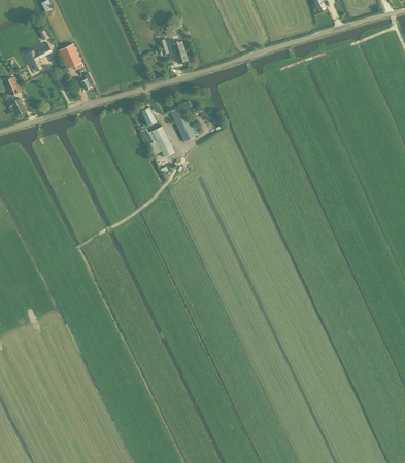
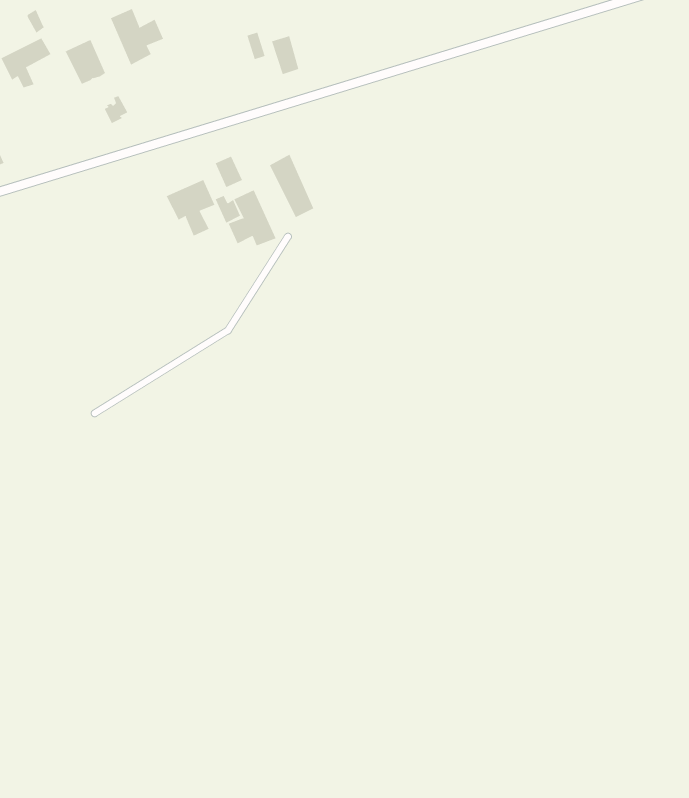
building: none -> [110,8,164,66]
building: none -> [166,179,215,236]

